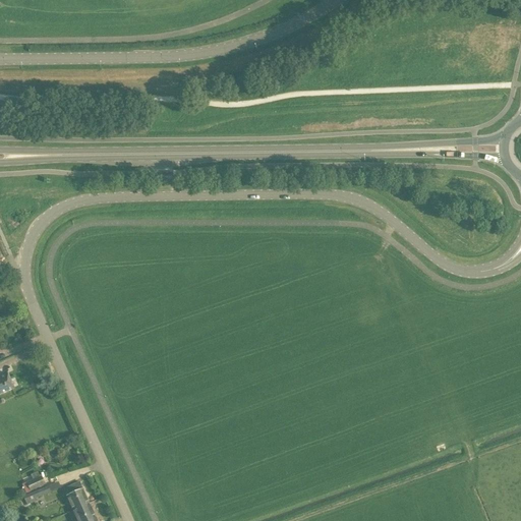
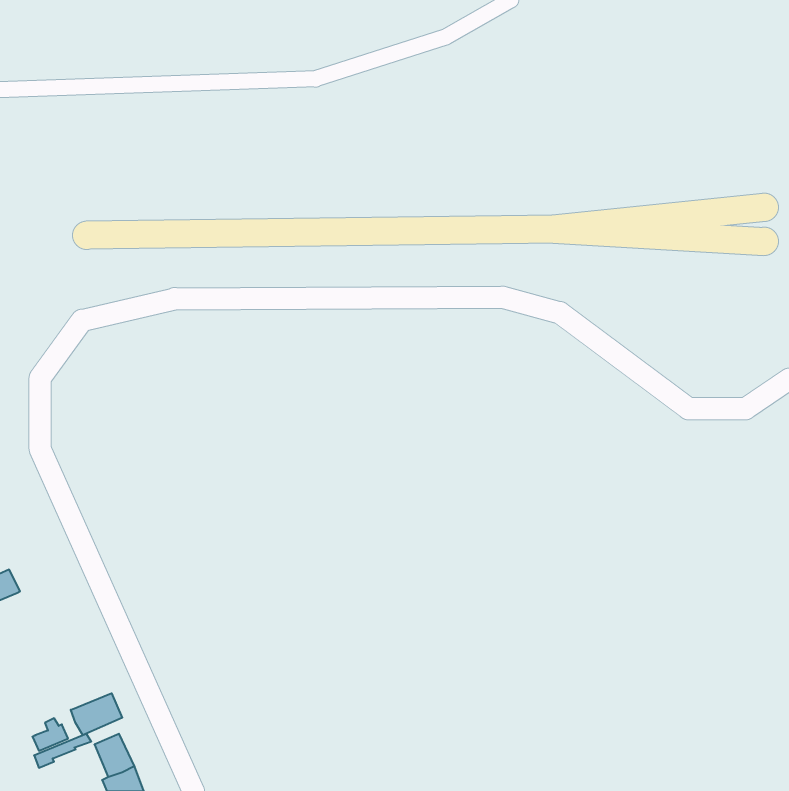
building: none -> [71,693,122,735]

